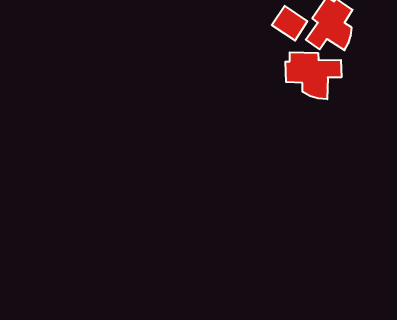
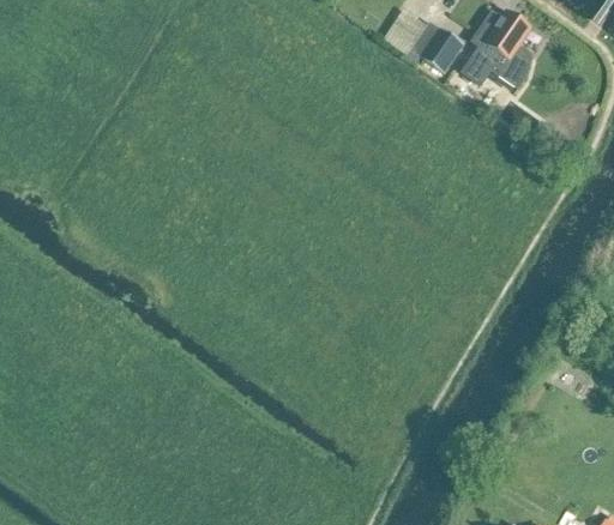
building: [285,52,341,99] -> none

